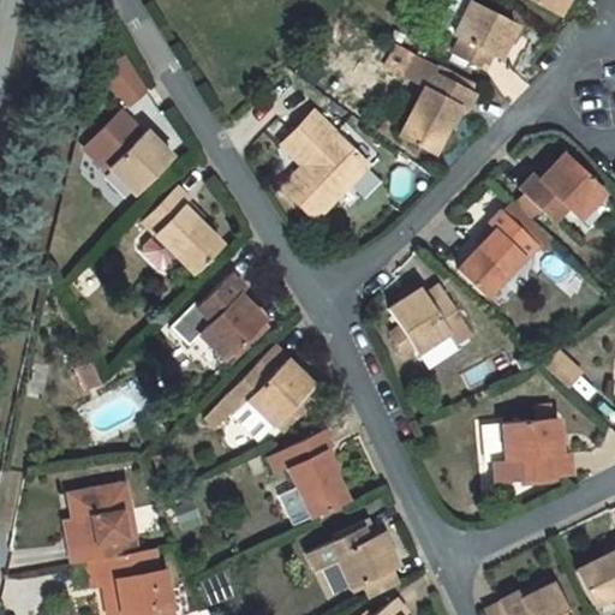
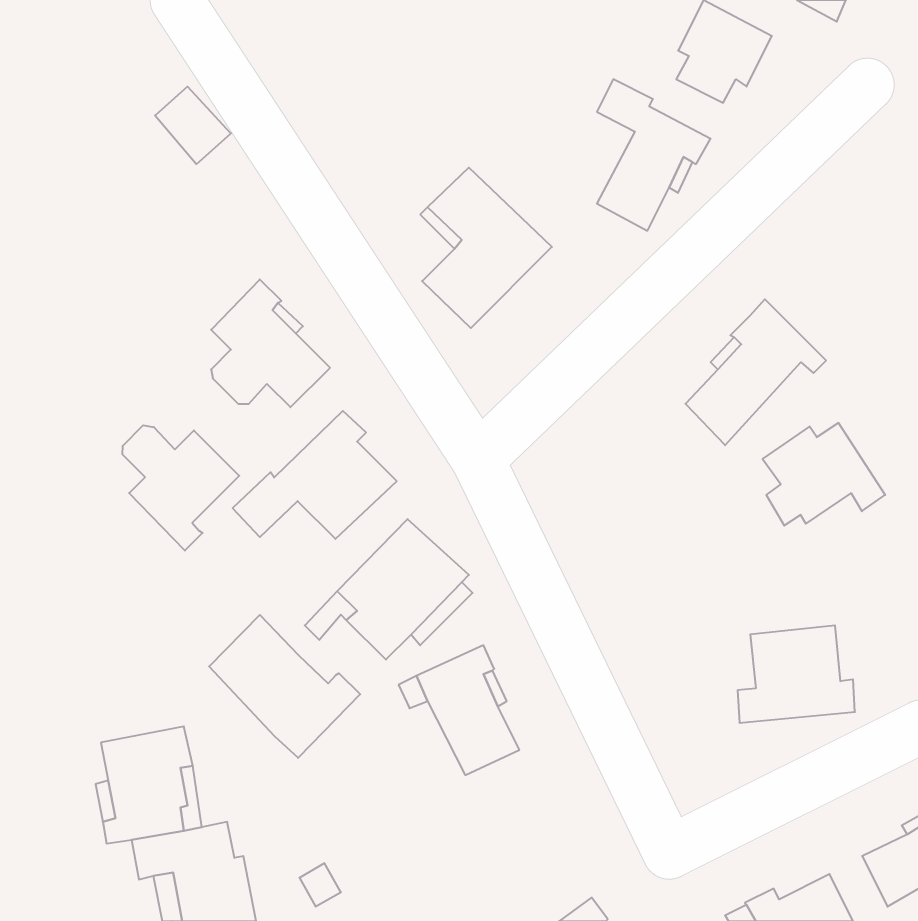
building: [88,111,173,193] -> none
building: [519,153,605,221] -> none
building: none -> [122,425,239,551]
building: [389,285,471,353] -> [763,423,885,526]
building: none -> [209,615,360,758]
building: [306,519,401,598] -> none

